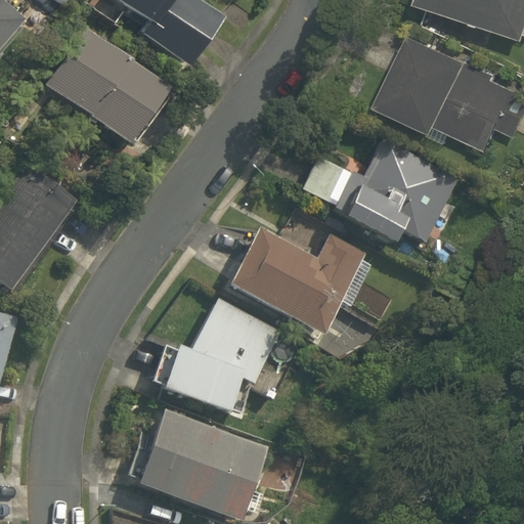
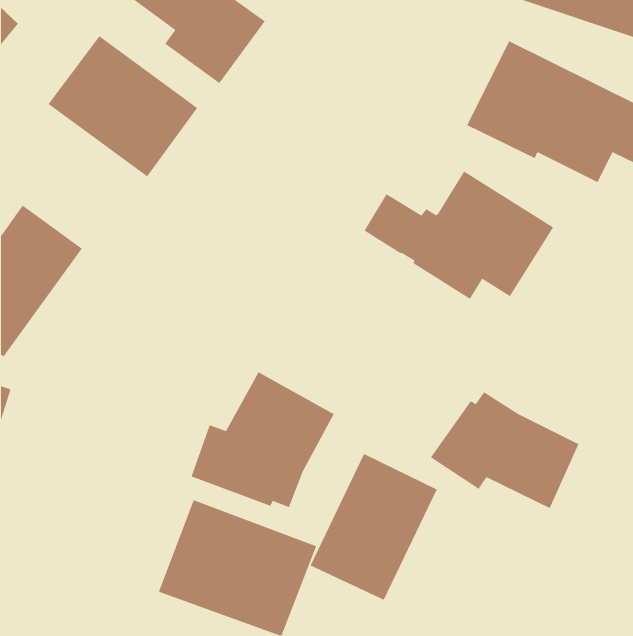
building: [227,226,372,336] -> none
building: none -> [430,391,580,509]
building: none -> [310,453,438,601]

